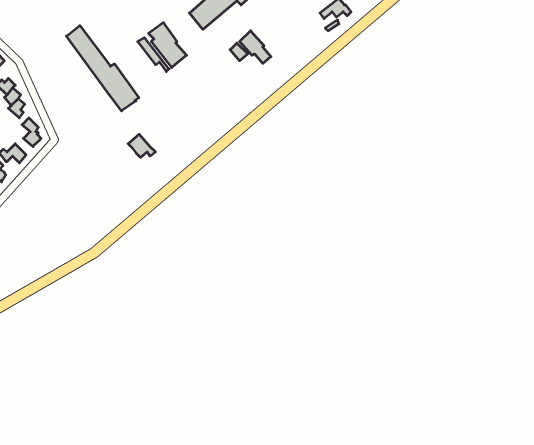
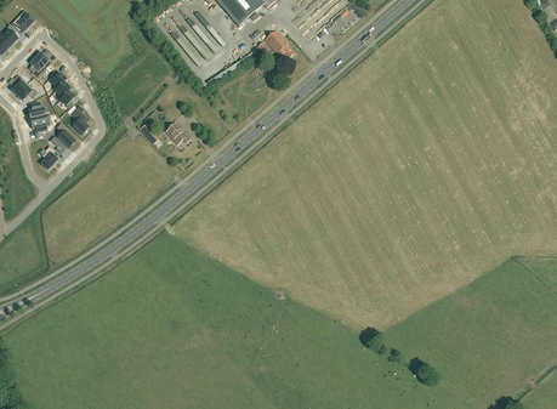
building: [66,26,139,111] -> none

